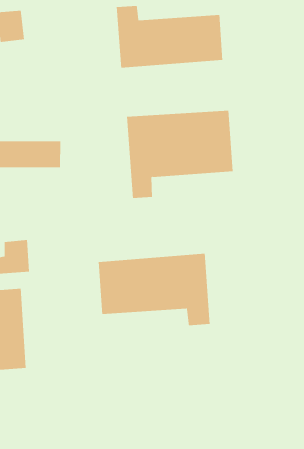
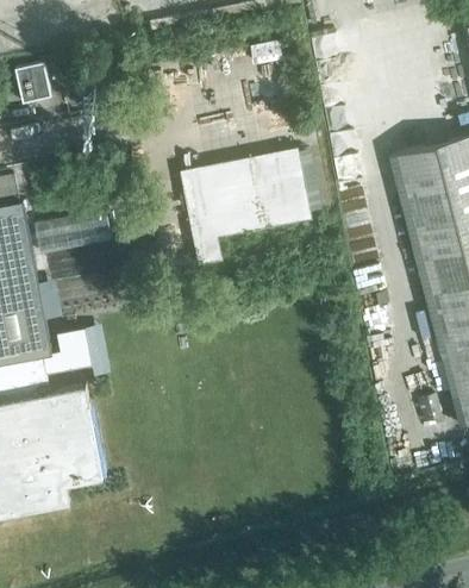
building: [116,5,223,68] -> none
building: [98,253,210,326] -> none

